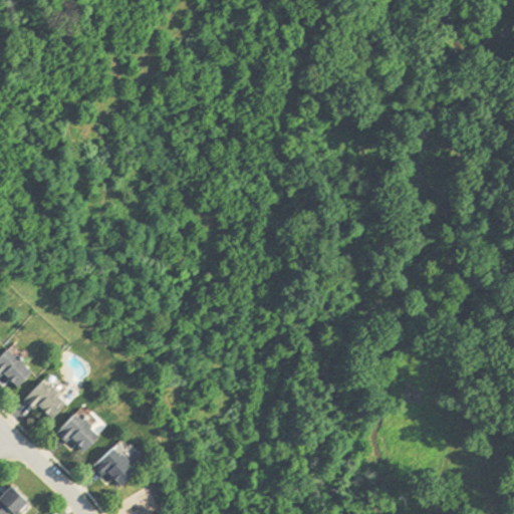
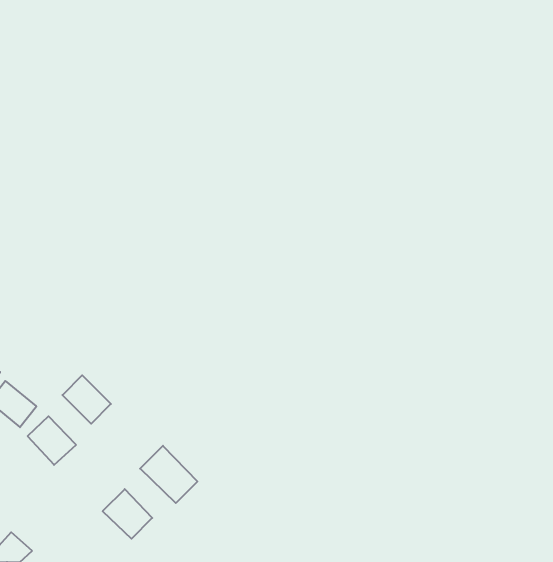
building: none -> [140,446,197,503]
building: [57,411,101,455] -> [62,375,111,424]

